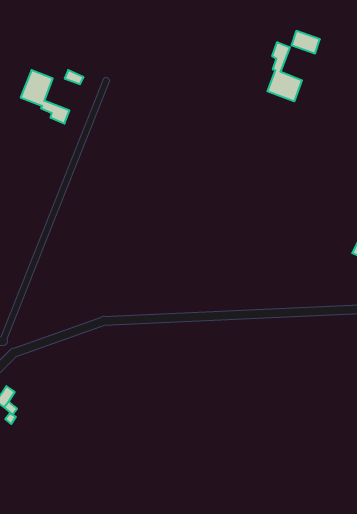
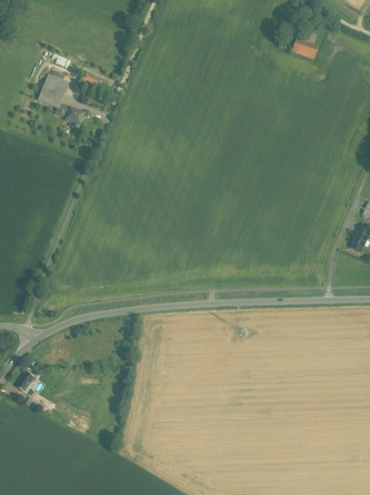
building: [267,42,302,101] -> none

